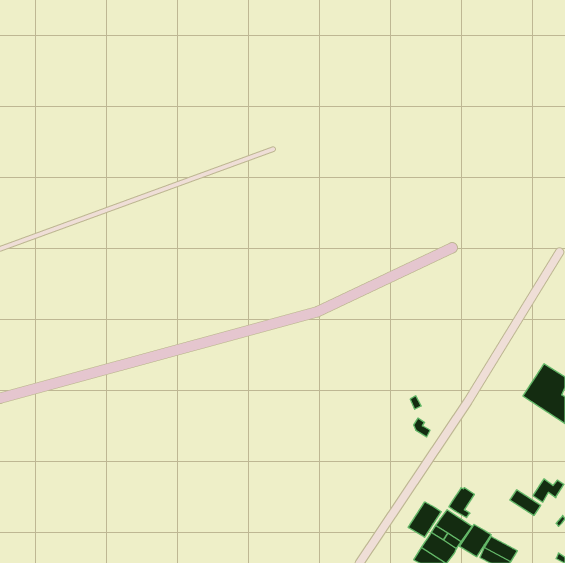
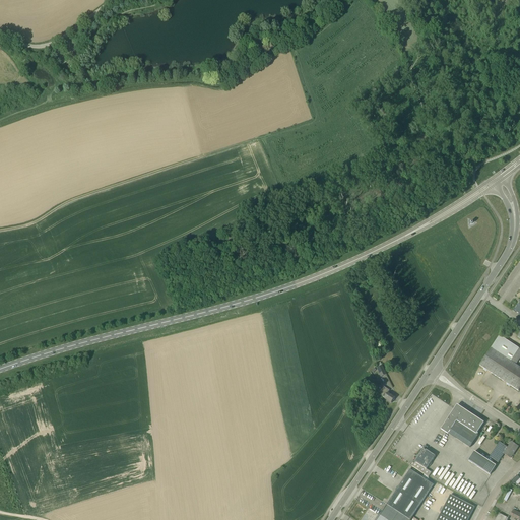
building: none -> [441,404,485,448]
building: [408,502,441,537] -> none
building: [460,524,491,557] -> none

